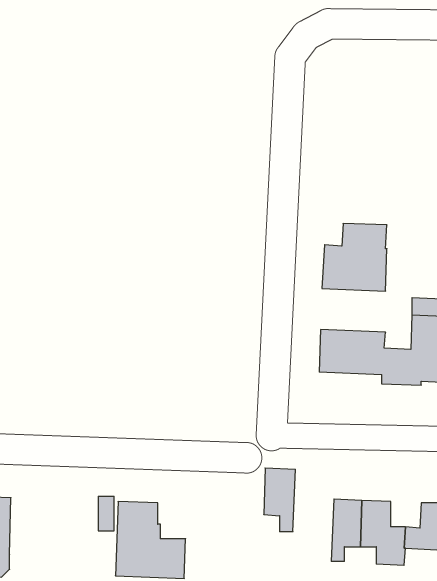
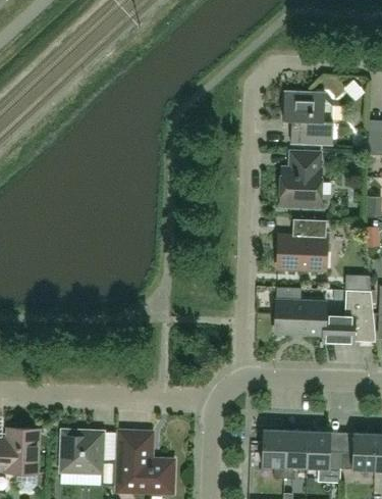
building: none -> [283,92,333,145]
building: none -> [280,152,322,207]
building: [264,468,295,532] -> [262,430,286,479]
building: none -> [61,431,115,486]

